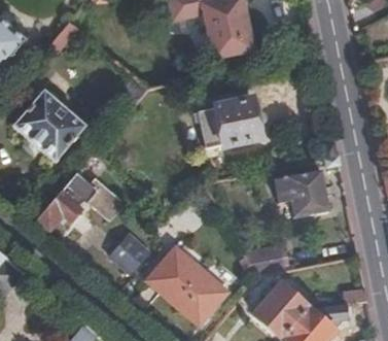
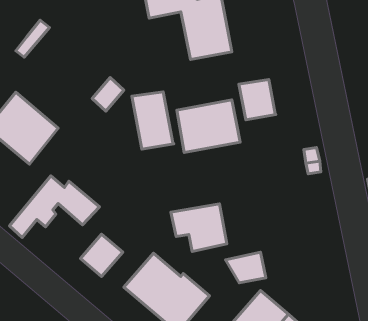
building: none -> [239,79,276,120]
building: none -> [132,92,174,149]
building: [273,173,327,219] -> [171,204,227,251]

